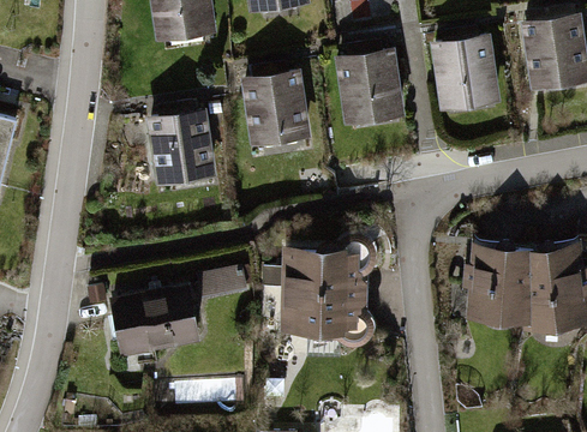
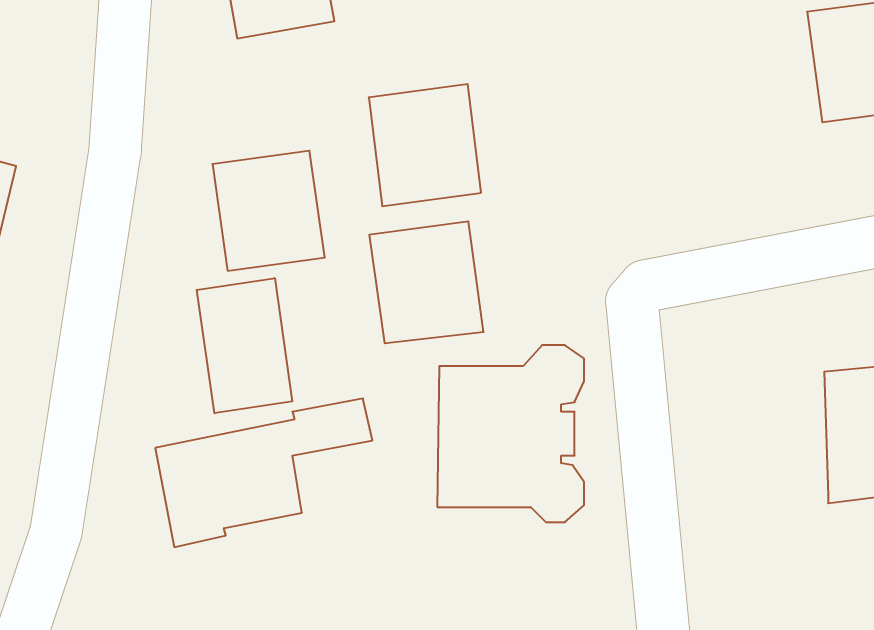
building: [429,35,501,113] -> none
building: [331,49,403,126] -> [369,221,484,343]
building: none -> [197,278,292,413]
building: [460,246,531,329] -> none

